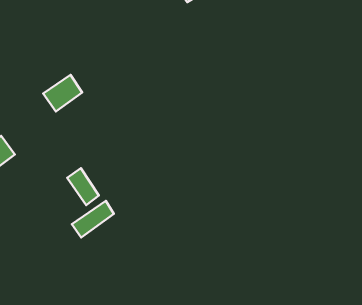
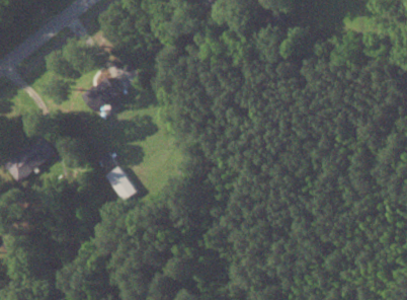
building: [72,201,114,238] -> none

